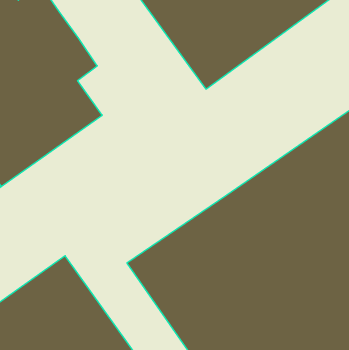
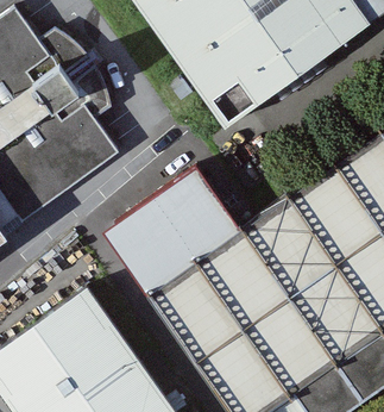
building: none -> [105,166,244,294]

